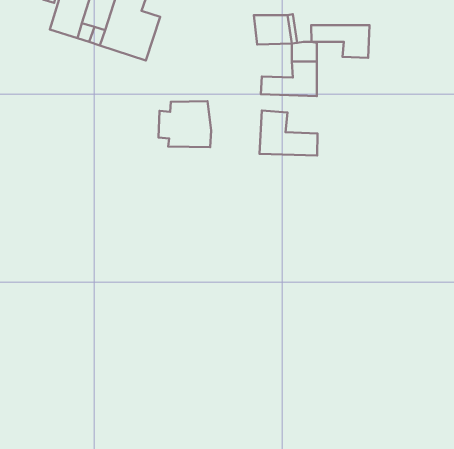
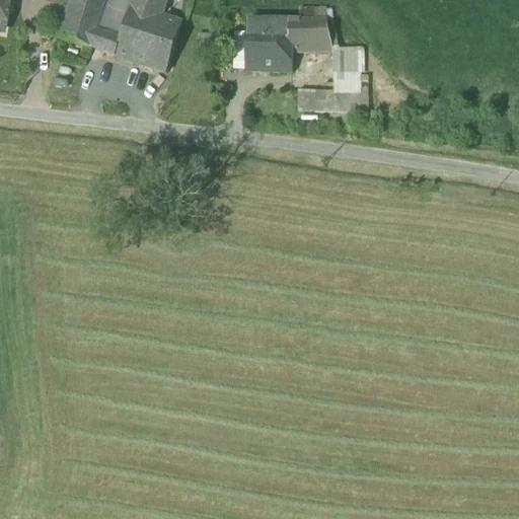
building: [311,25,369,58] -> none
building: [159,101,211,147] -> [234,17,294,70]
building: [259,111,318,156] -> none

